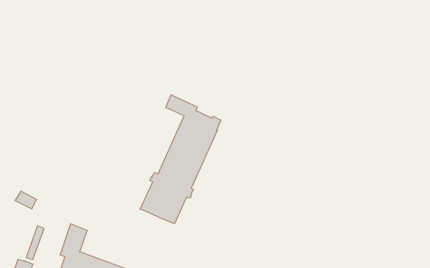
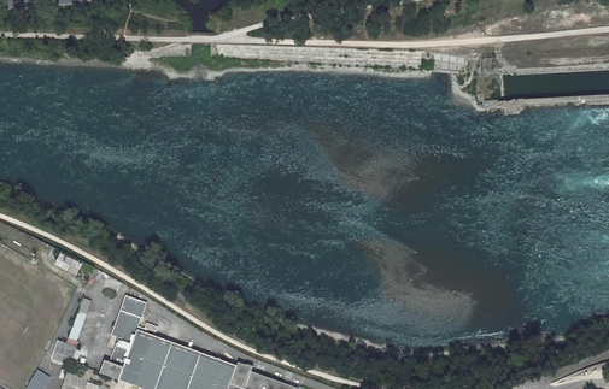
building: [140,95,221,224] -> none

